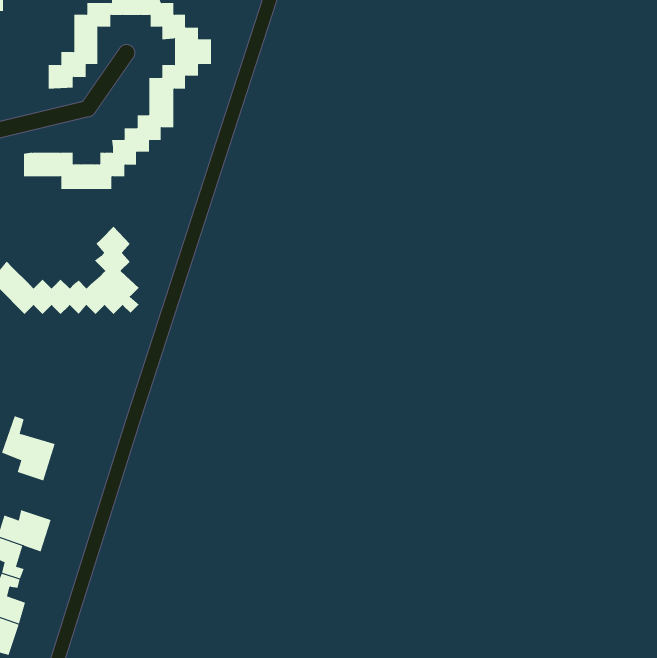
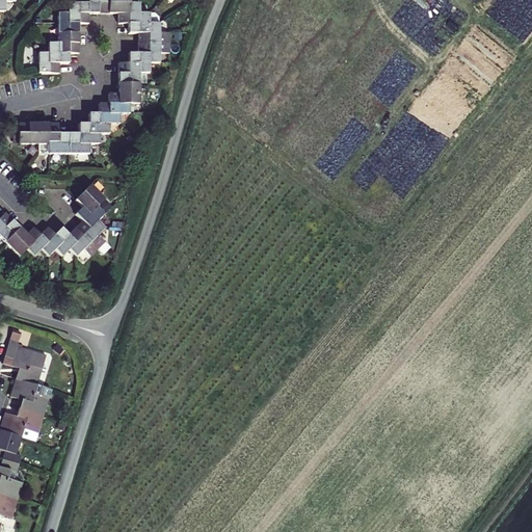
building: none -> [8,380,50,419]

